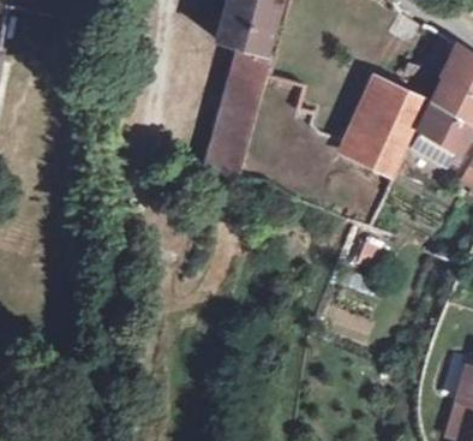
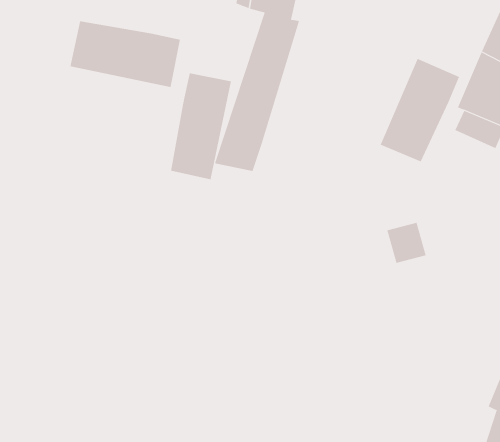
building: none -> [70,20,181,88]
building: none -> [171,72,231,180]

